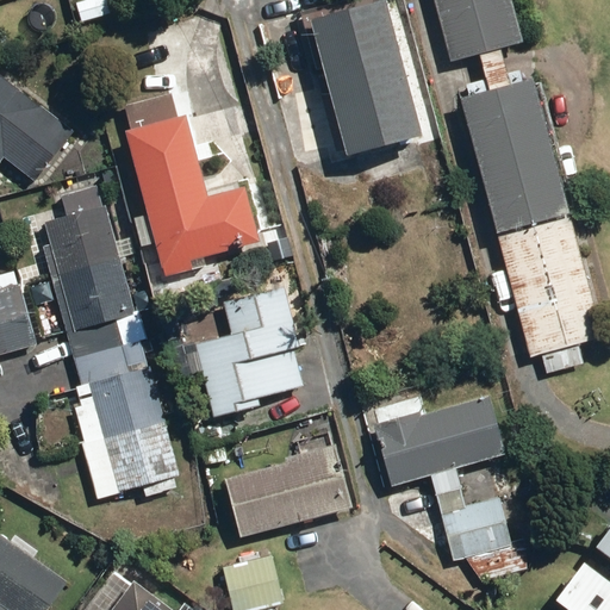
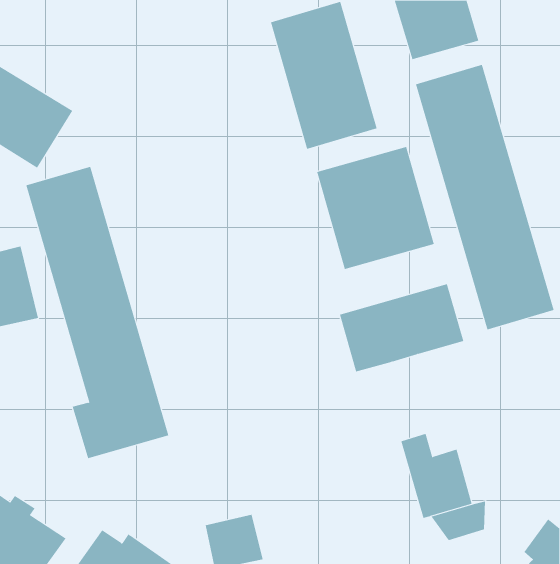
building: [124,92,266,275] -> none
building: none -> [316,146,435,270]
building: [201,286,306,419] -> none
building: [374,392,509,487] -> [339,283,464,372]
building: [226,447,351,539] -> none

